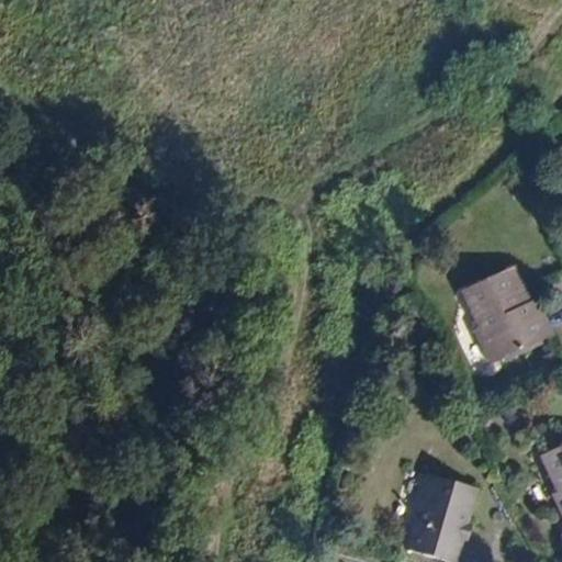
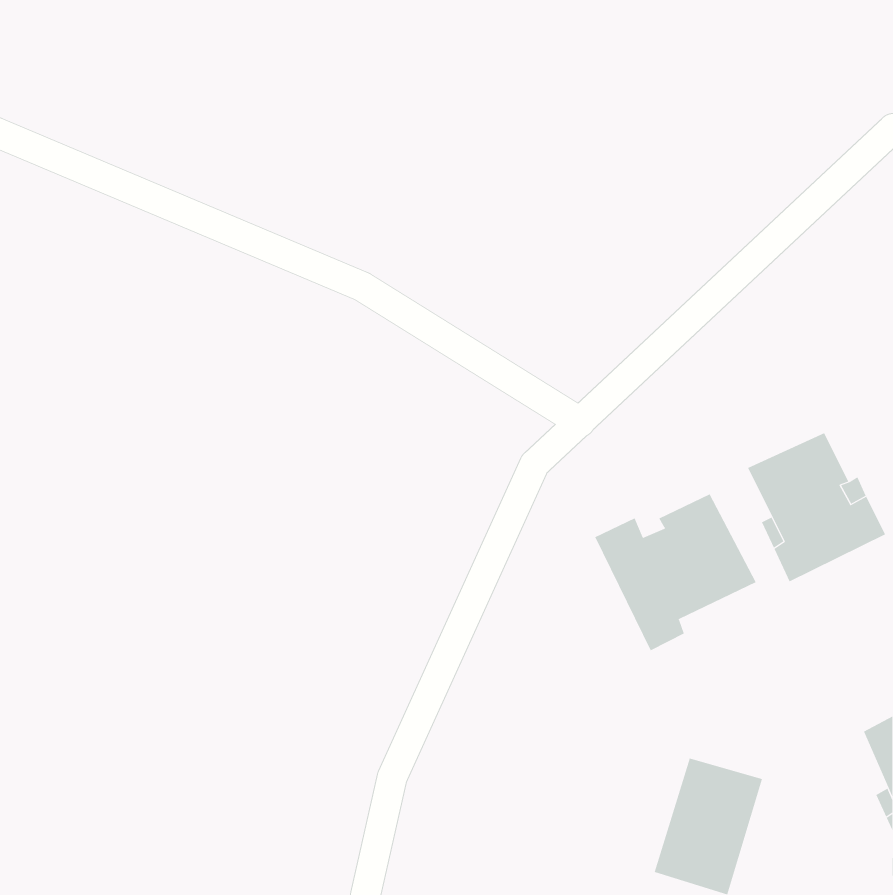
building: none -> [594,494,756,651]

